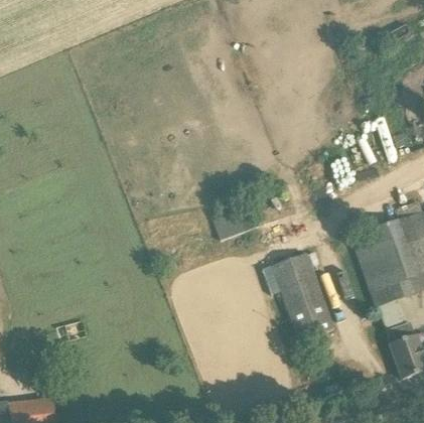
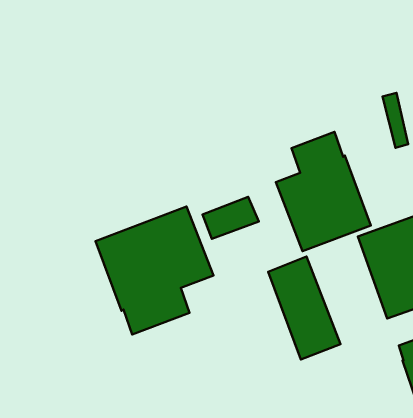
building: none -> [276,132,371,251]
building: none -> [96,206,213,334]

